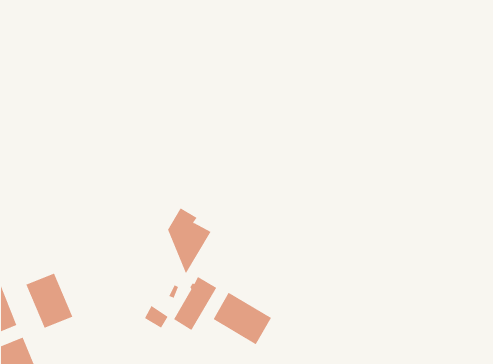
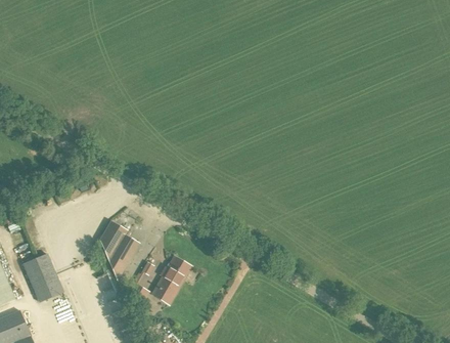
building: [167,207,211,275] -> [100,221,139,281]
building: [213,292,272,345] -> none

